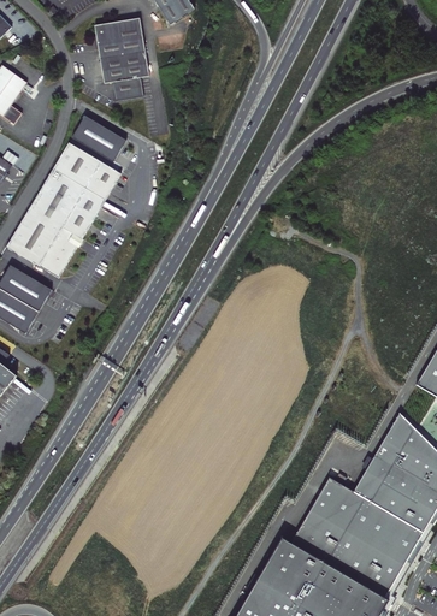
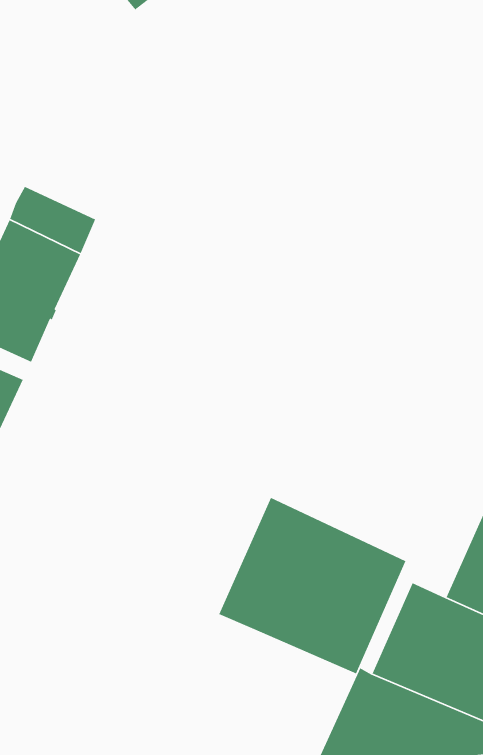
building: [95,18,149,101] -> none
building: [72,117,126,165] -> none
building: none -> [218,497,406,675]

